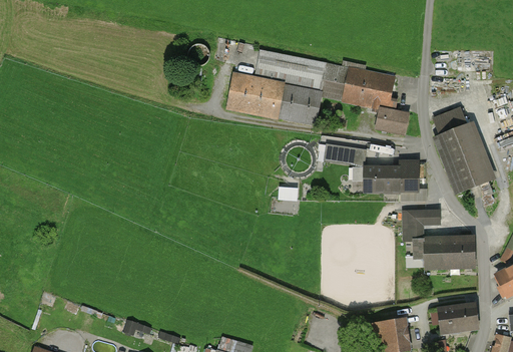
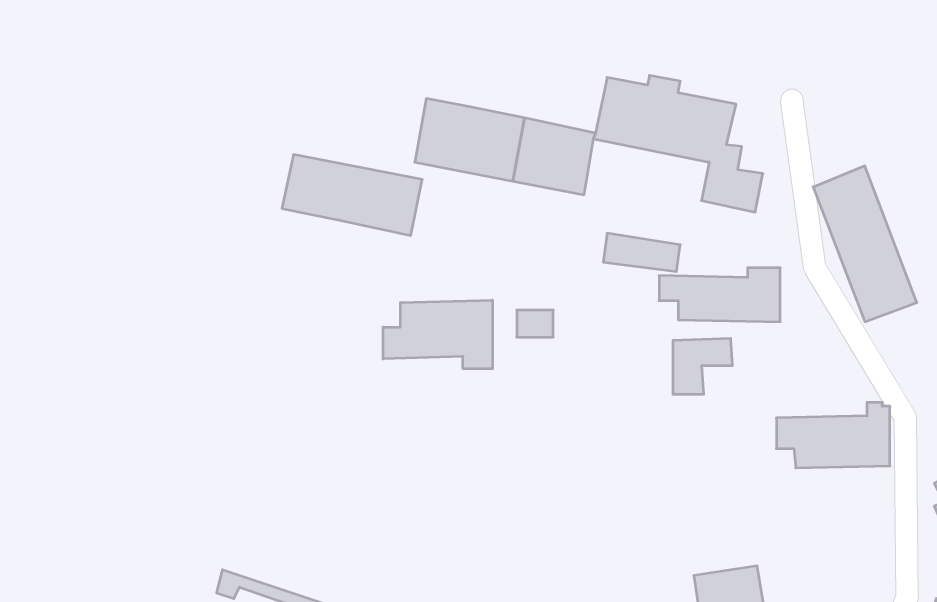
building: [254,50,328,92] -> [282,155,422,235]
building: none -> [383,300,492,369]
building: [408,210,439,239] -> [673,338,733,394]
building: [439,304,478,332] -> none

